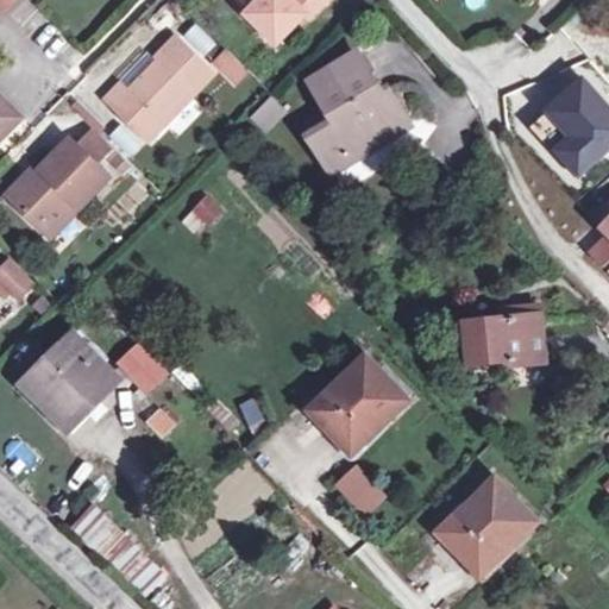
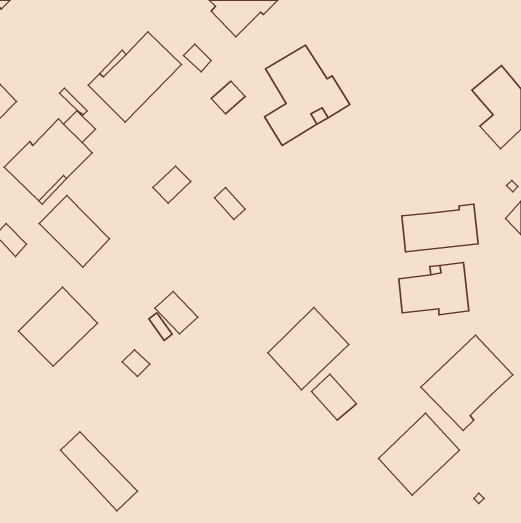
building: none -> [39,195,110,267]
building: none -> [402,204,478,252]
building: [115,344,165,393] -> [155,292,198,334]
building: none -> [421,335,513,430]
building: [332,462,384,515] -> [311,374,357,420]

